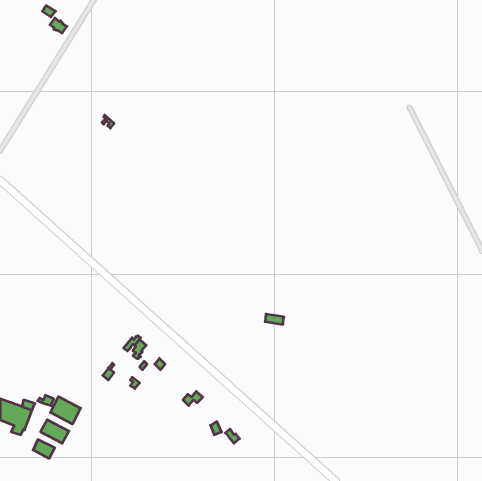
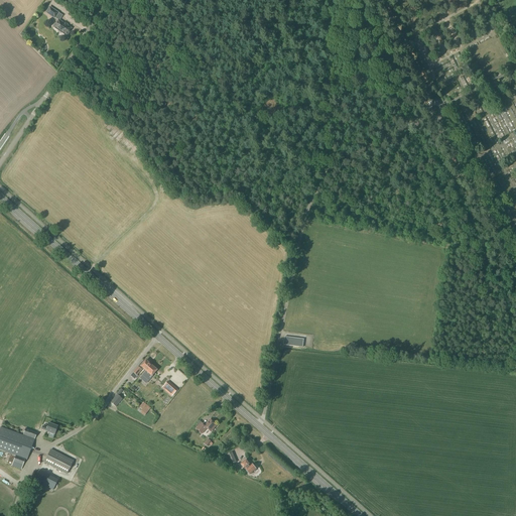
building: [50,397,81,424] -> none

